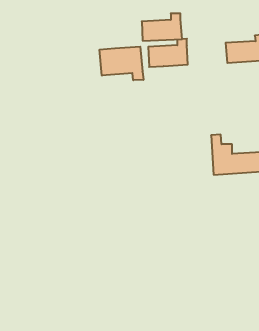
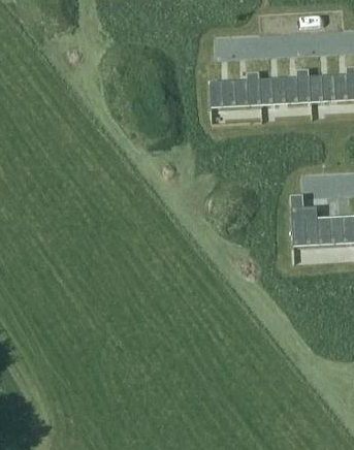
building: [142,13,182,41] -> [260,69,312,104]
building: [100,47,143,80] -> none

